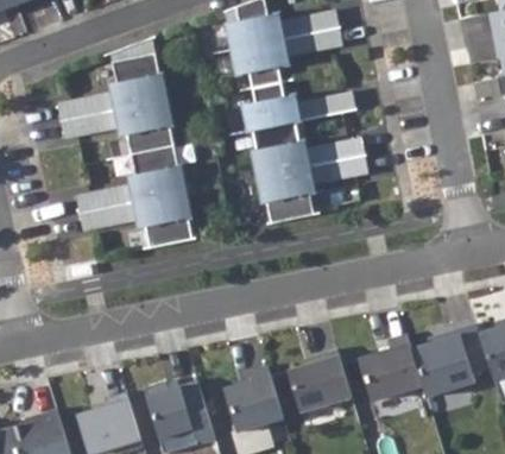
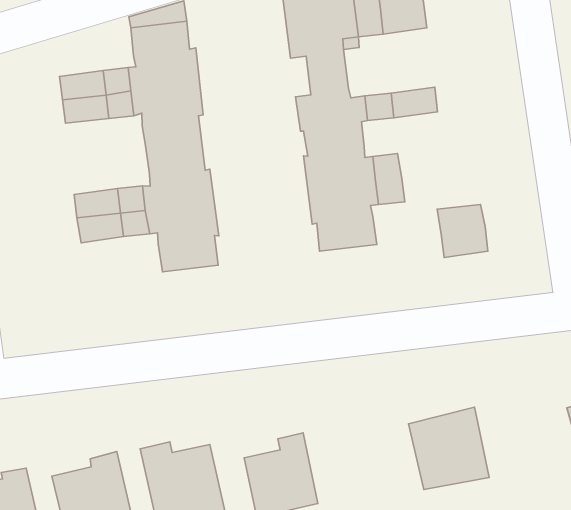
building: [326,138,367,181] -> [437,205,488,257]
building: [403,332,471,397] -> none
building: [285,346,346,414] -> none

